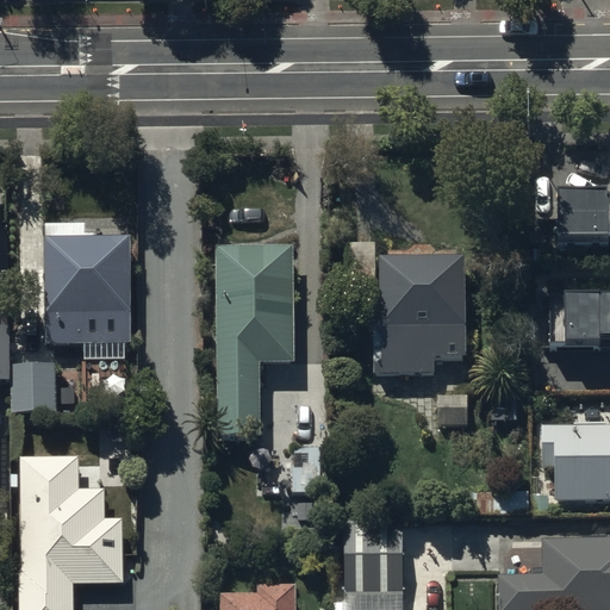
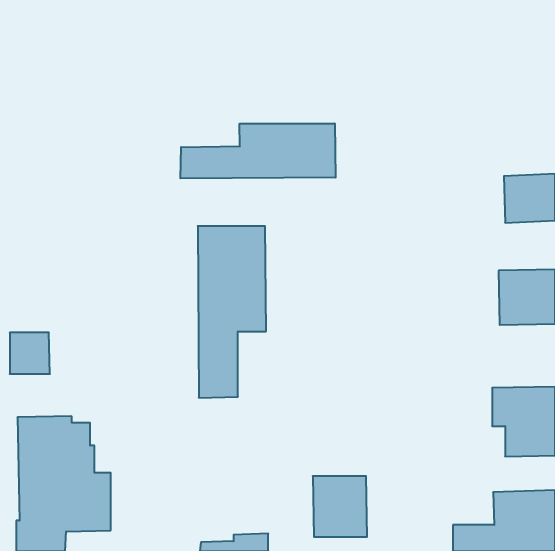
building: none -> [180,123,336,178]
building: [44,236,131,344] -> none
building: [374,253,465,373] -> none

